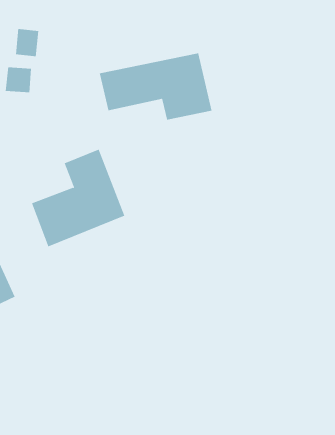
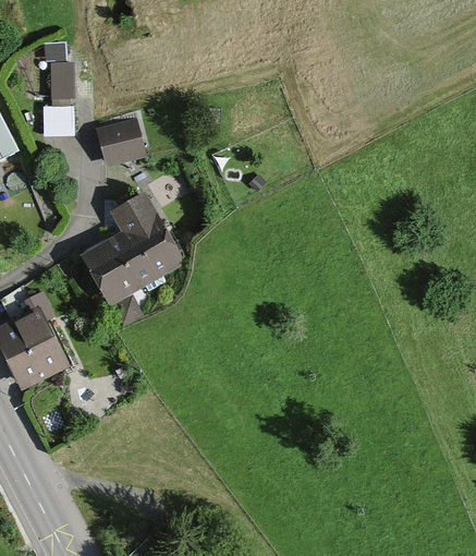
building: [99,52,212,120] -> none
building: none -> [96,119,145,162]

